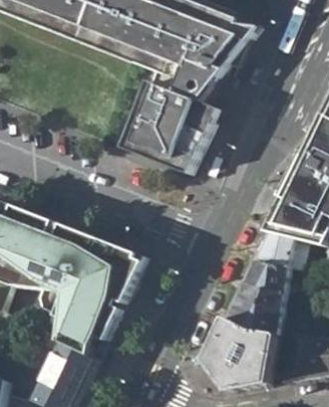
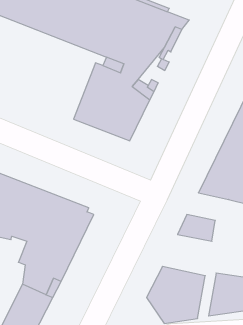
building: [254,235,304,270] -> none
building: [225,285,284,335] -> none

